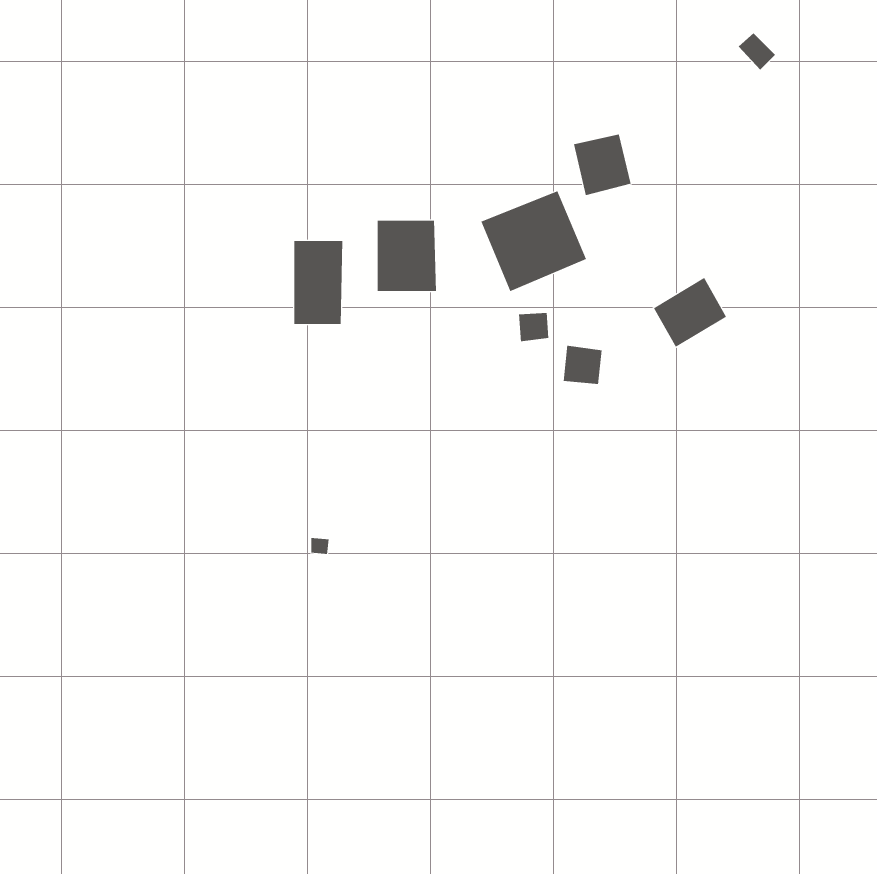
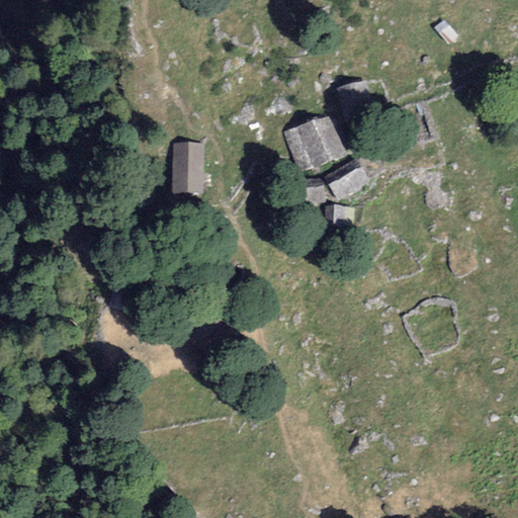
building: [377,220,436,292] -> none
building: [653,277,727,348] -> [325,158,368,199]

